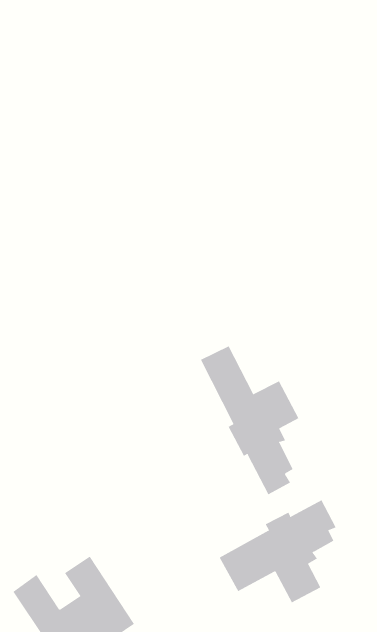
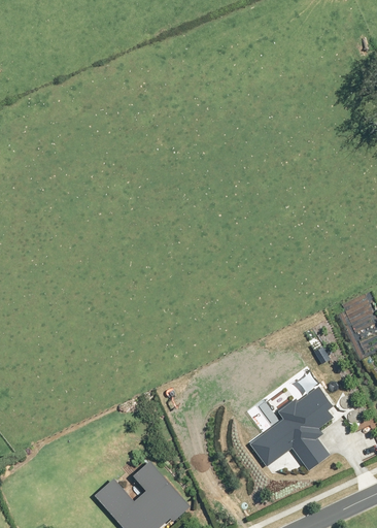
building: [200,346,299,495] -> none

